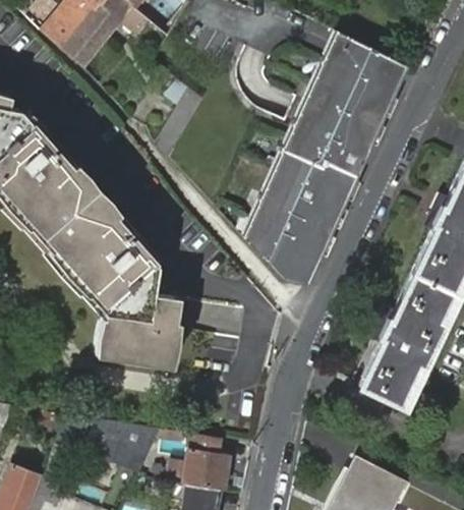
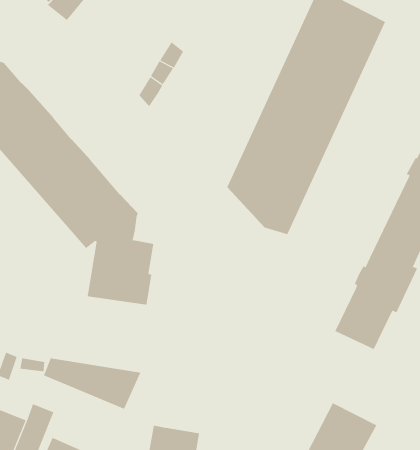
building: [182,434,228,491] -> none

